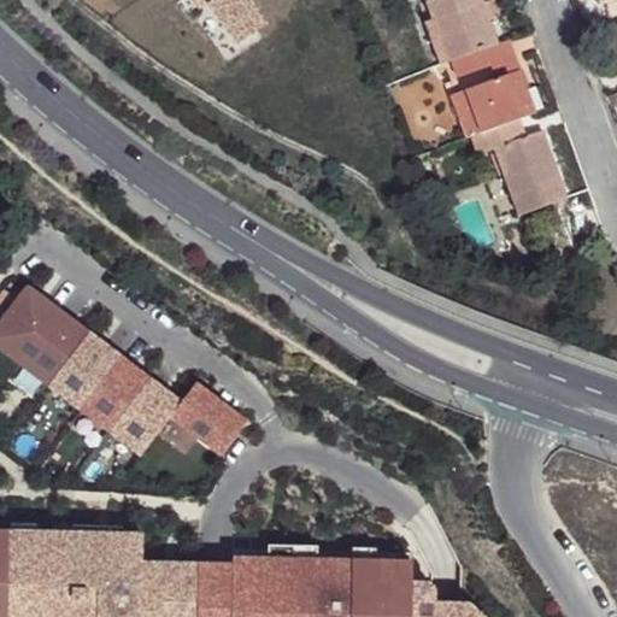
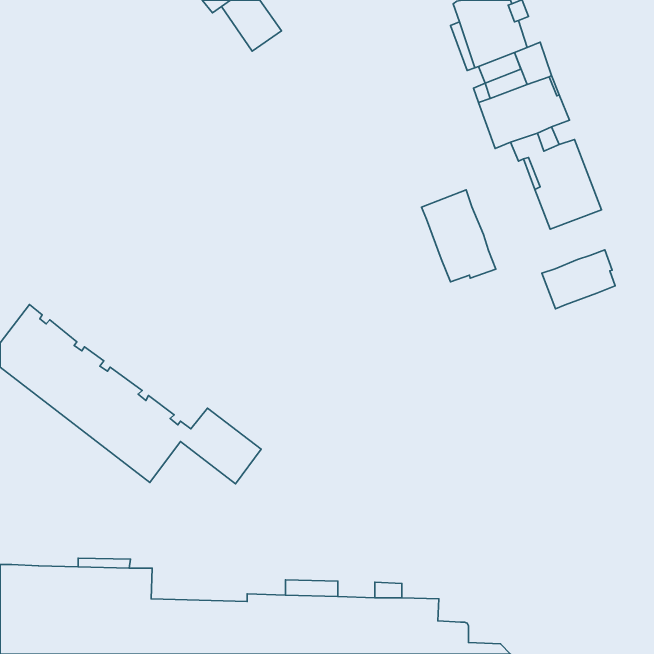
building: none -> [422,190,496,282]
building: none -> [542,250,615,309]

